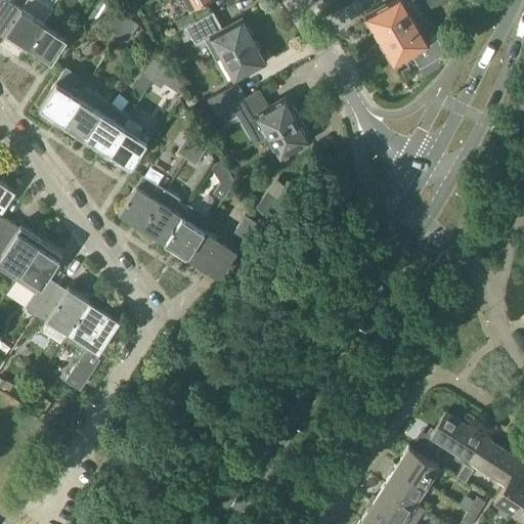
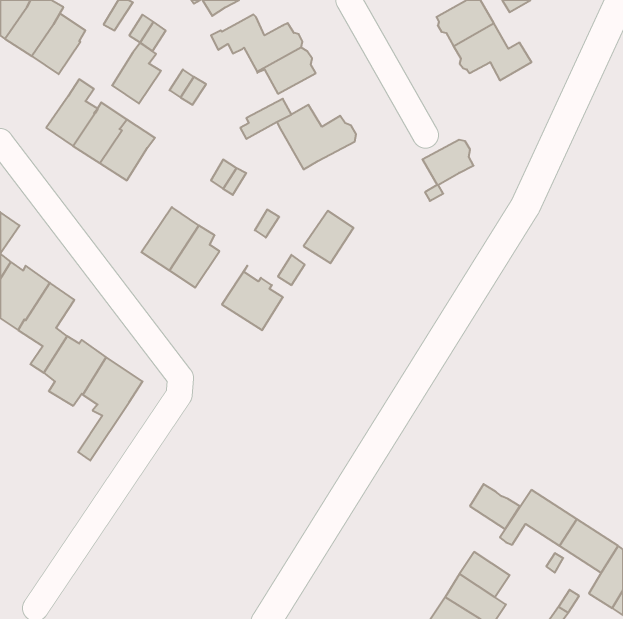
building: [106,119,147,170] -> [112,43,161,104]
building: [267,122,310,173] -> [422,140,474,201]
building: [164,207,208,259] -> none
building: [398,448,440,486] -> [470,484,520,529]

